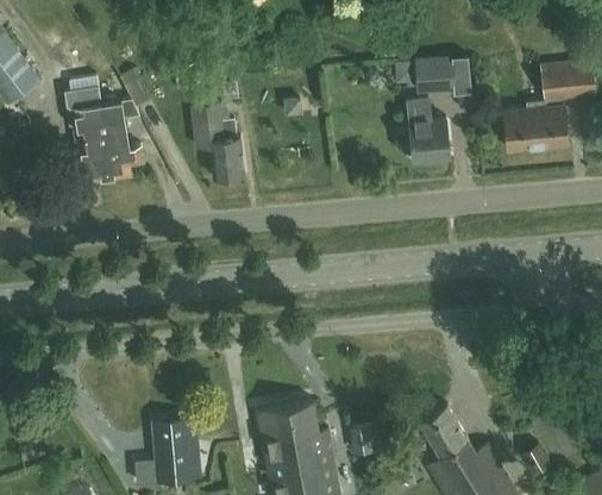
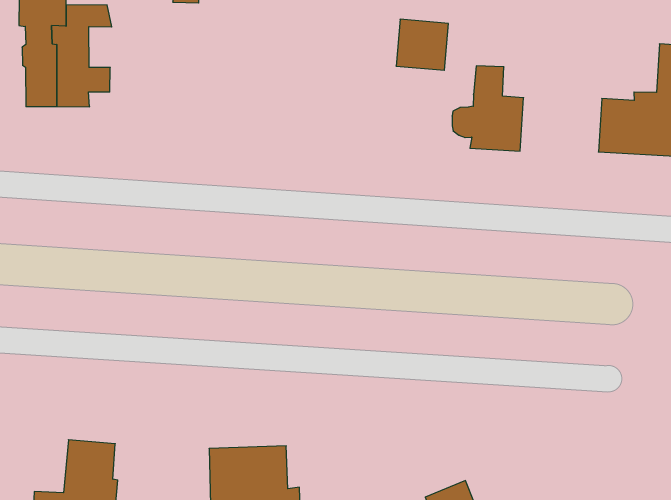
building: [416,56,454,93] -> [396,19,448,70]
building: [193,105,245,178] -> none

